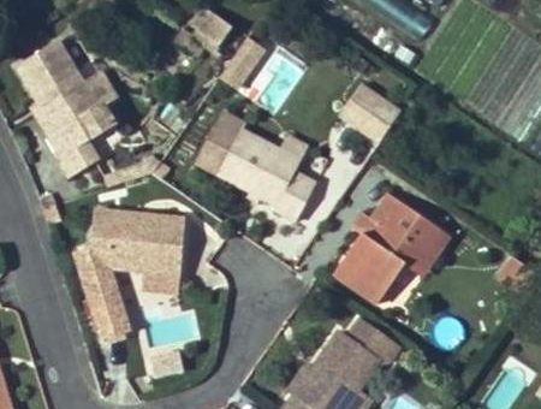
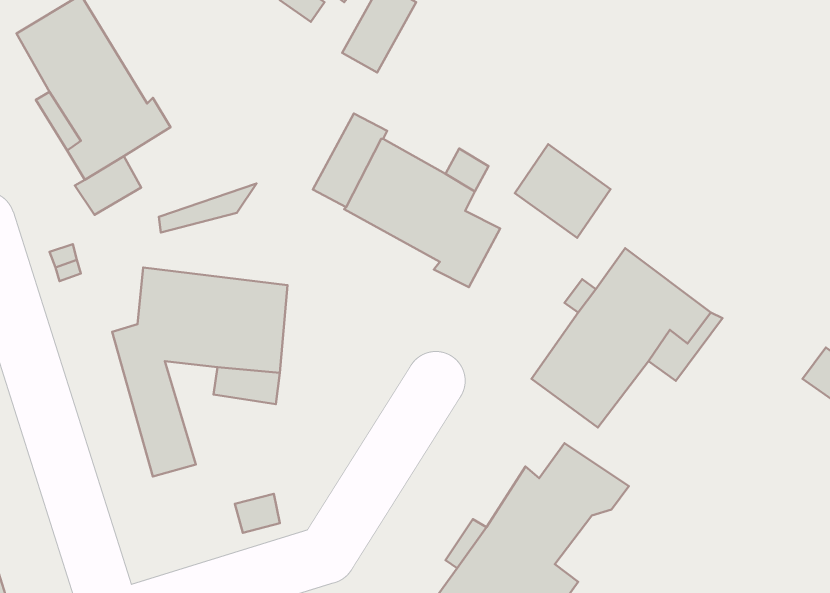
building: [344,84,403,142] -> [515,144,610,238]

